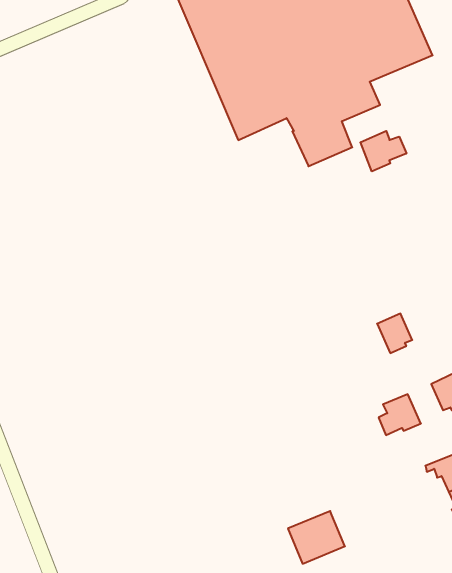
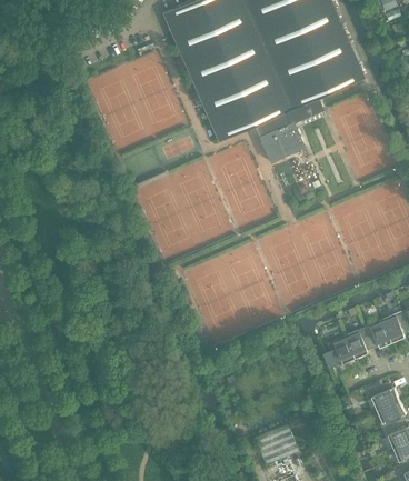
building: [360,131,406,171] -> none
building: [377,314,412,353] -> [347,329,373,359]

